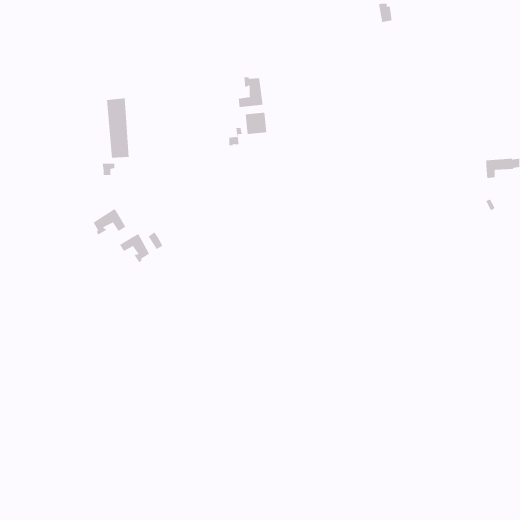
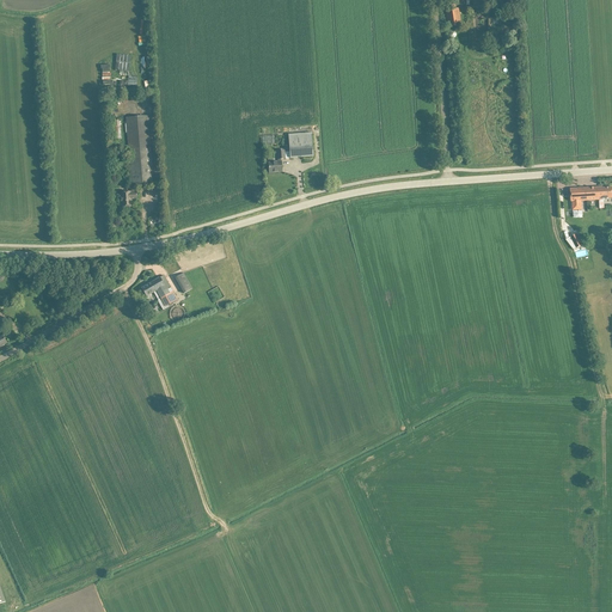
building: [238,76,263,108] -> none
building: [93,208,126,236] -> none

